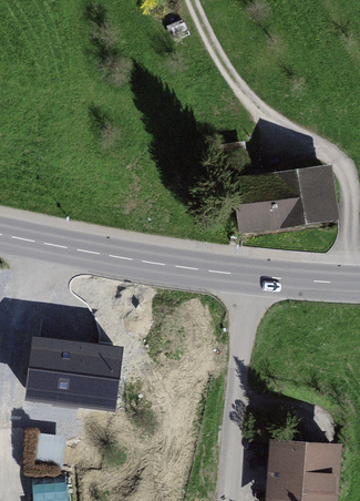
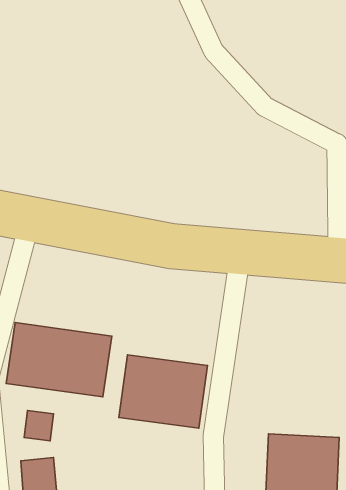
building: [238,171,337,231] -> none
building: none -> [119,355,207,428]

